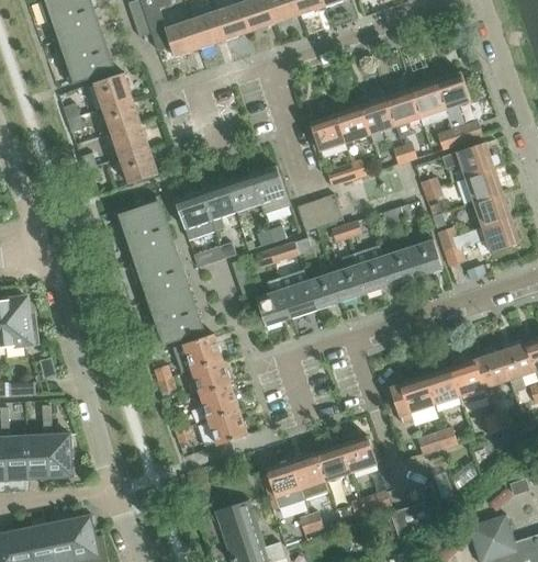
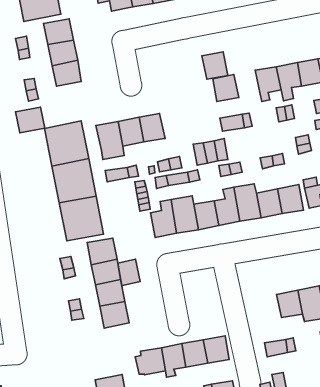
building: [335,105,370,142] -> [202,52,228,79]
building: [120,148,158,183] -> [16,107,45,133]
building: [250,166,289,215] -> none
building: none -> [118,259,140,286]
building: [389,376,434,424] -> none

